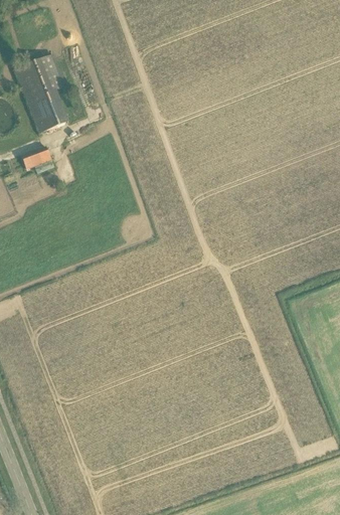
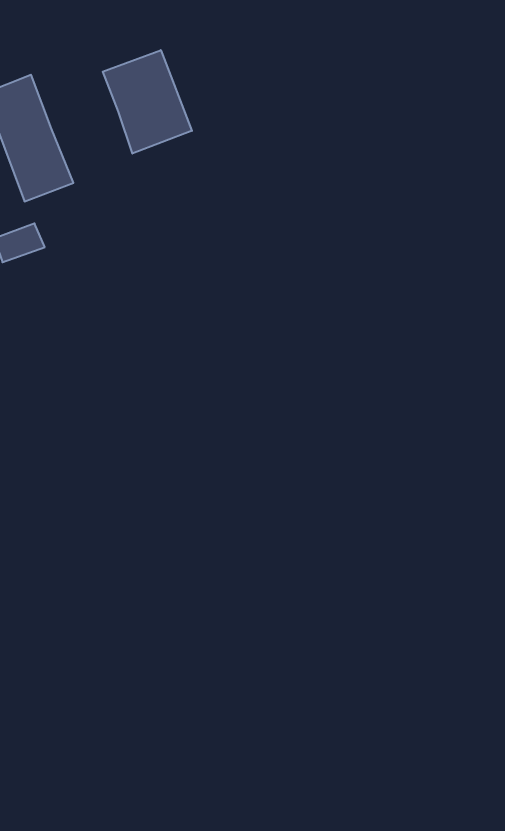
building: none -> [103,50,192,154]

